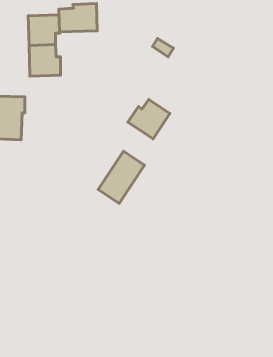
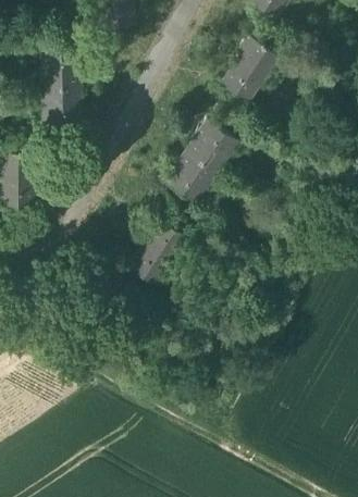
building: [59,4,97,32] -> none
building: none -> [222,37,277,101]
building: none -> [190,121,237,173]

